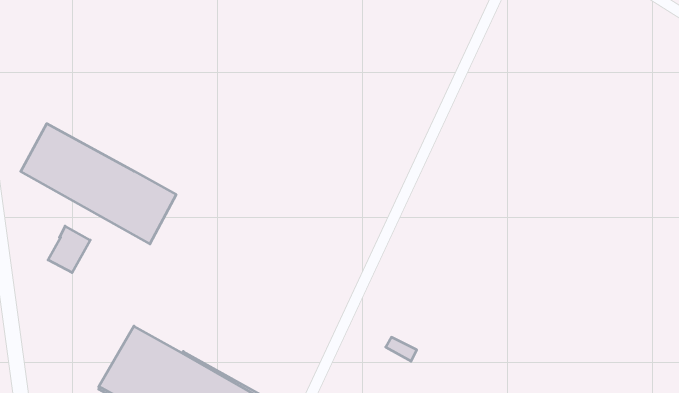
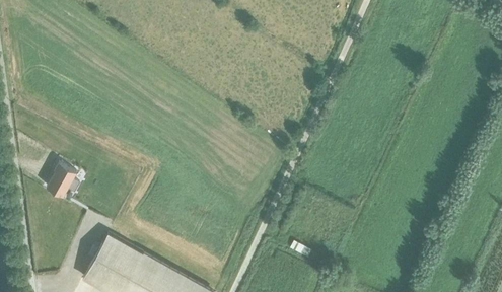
building: [21,124,176,244] -> none

